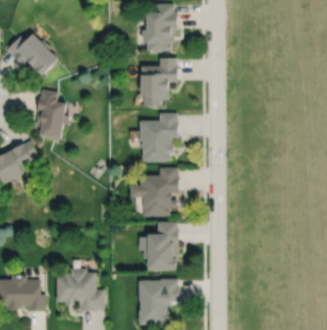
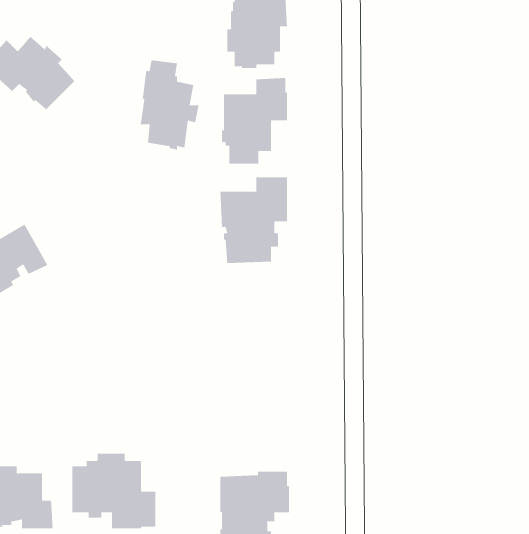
building: [36,90,69,141] -> [140,60,199,150]
building: [130,167,179,217] -> none
building: [139,222,179,272] -> none

